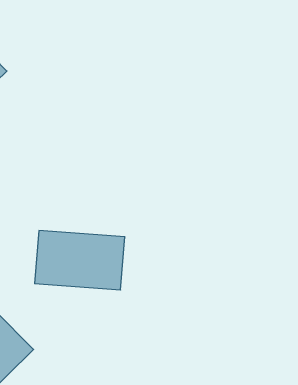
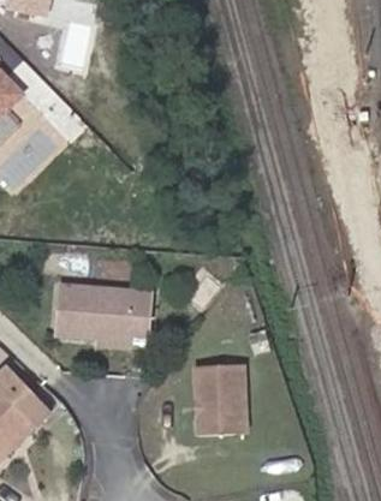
building: none -> [194,362,249,434]

